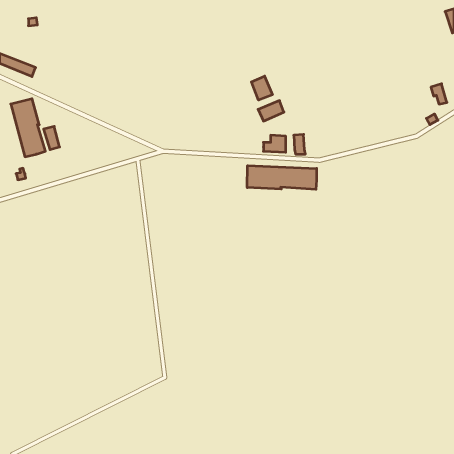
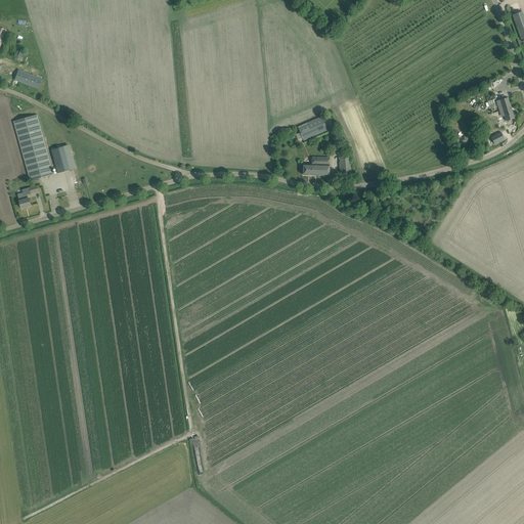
building: [251,76,272,100] -> none
building: [247,166,317,189] -> none

